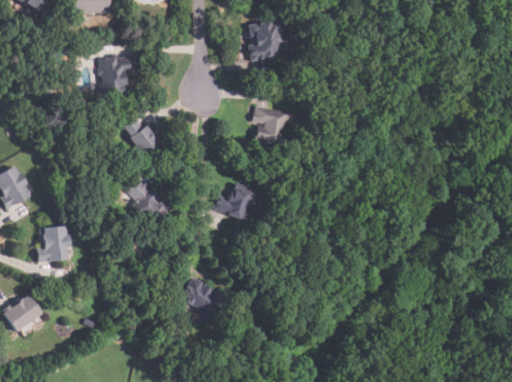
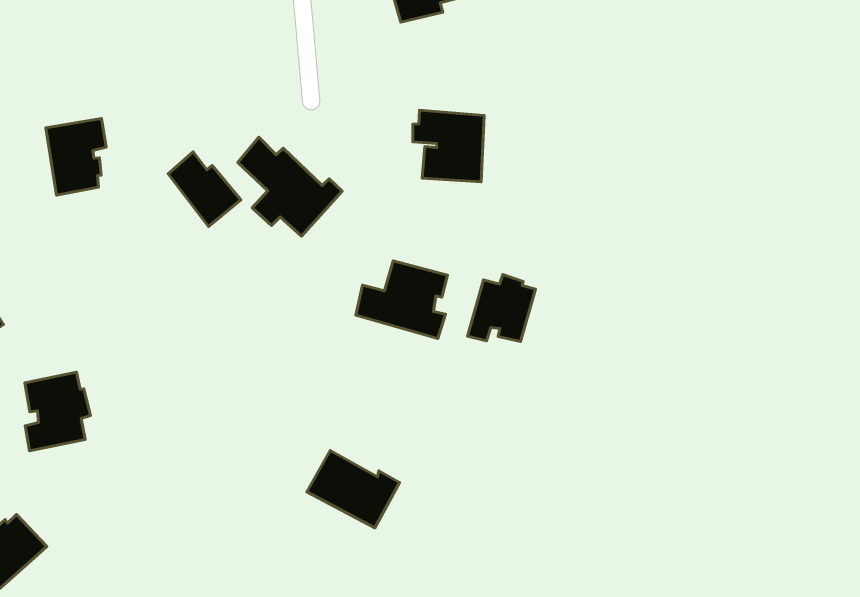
building: [99,56,129,93] -> [46,119,106,195]
building: [123,175,175,228] -> [238,137,342,236]
building: none -> [468,275,535,341]

